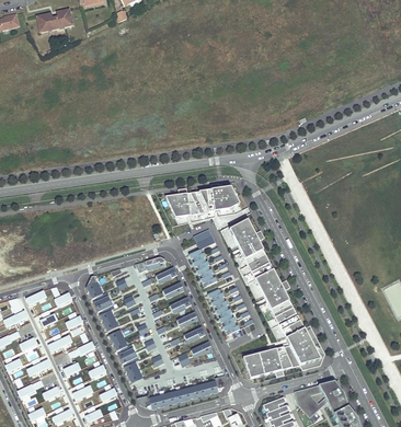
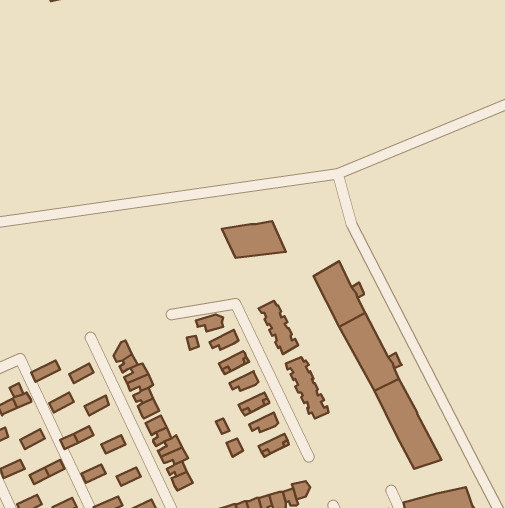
building: [199,185,239,211] -> none
building: [243,344,301,380] -> none

